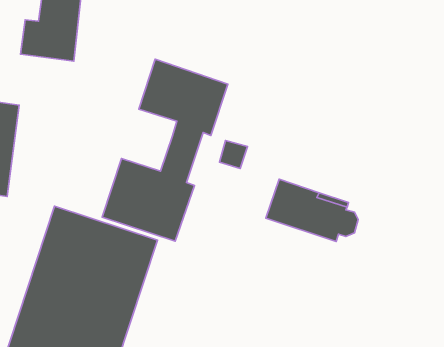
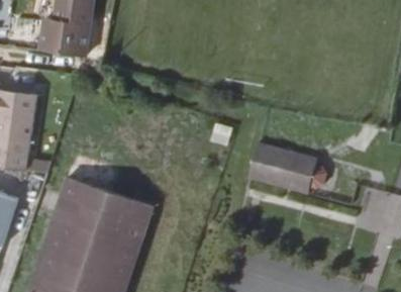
building: [102,59,228,241] -> none

